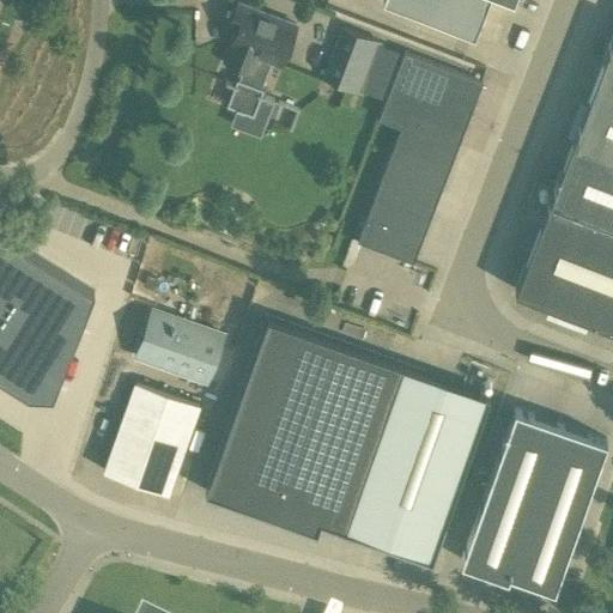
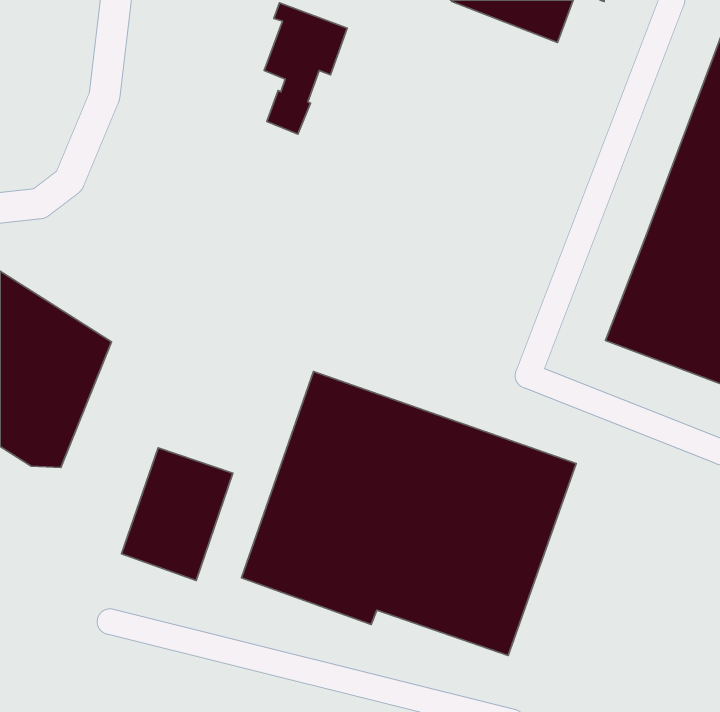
building: [322,32,383,101] -> none
building: [358,59,481,268] -> none
building: [136,317,223,388] -> none
building: [461,413,607,594] -> none

